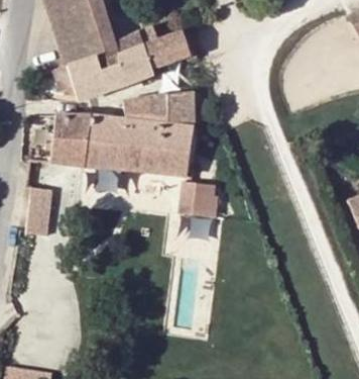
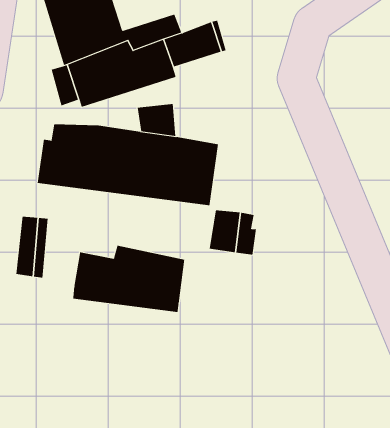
building: [152,92,196,129] -> none
building: none -> [73,245,185,313]

